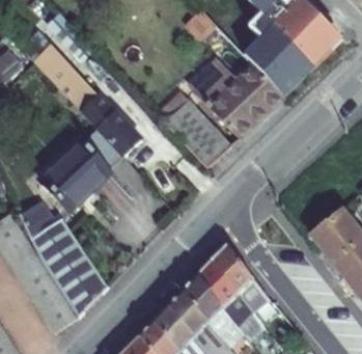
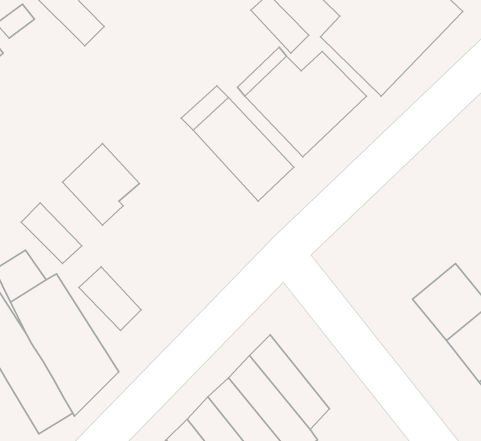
building: [30,43,138,155] -> none
building: [51,154,94,198] -> [79,267,141,331]
building: [212,246,270,312] -> none

